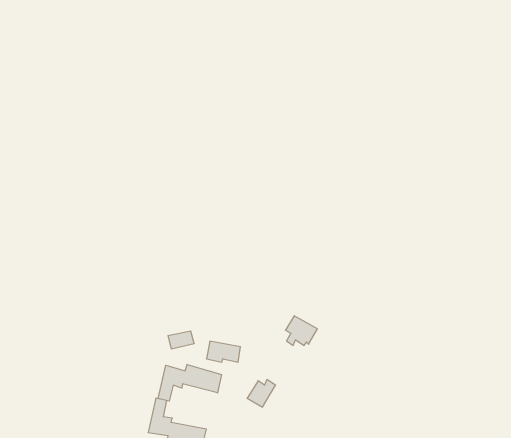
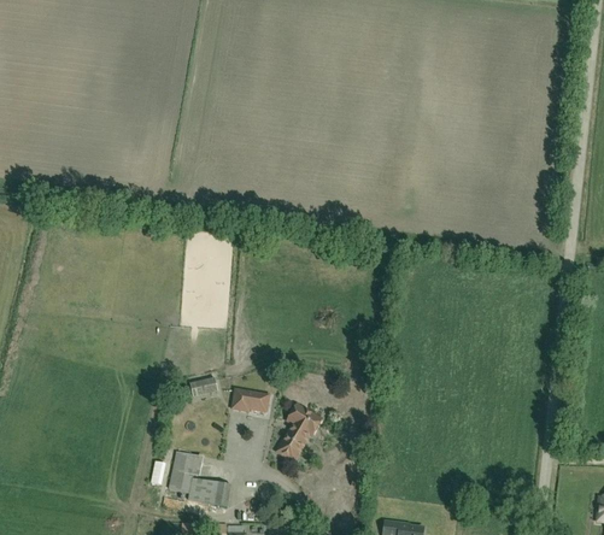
building: [285,316,317,345] -> [288,405,323,437]
building: [158,364,222,401] -> none

